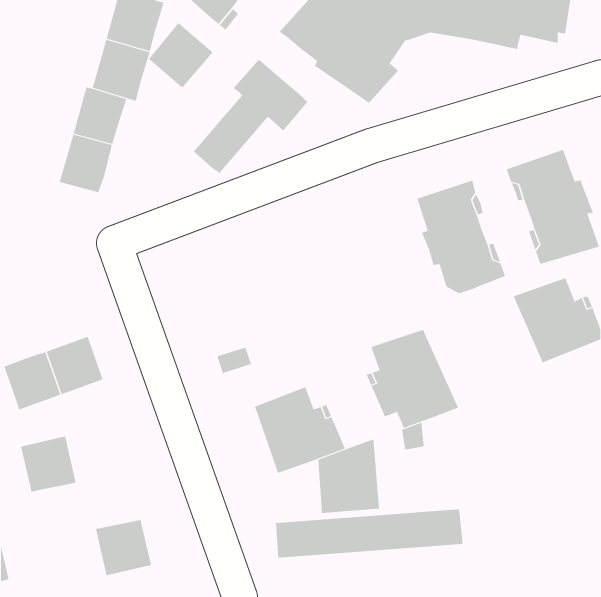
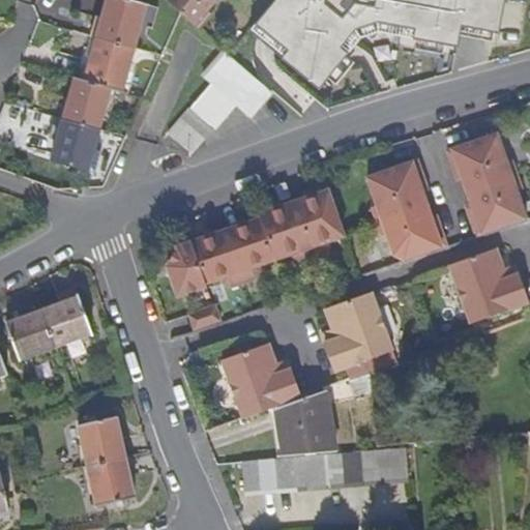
building: [148,22,214,88] -> none
building: none -> [168,186,344,295]
building: [20,436,77,492] -> [75,416,124,466]

